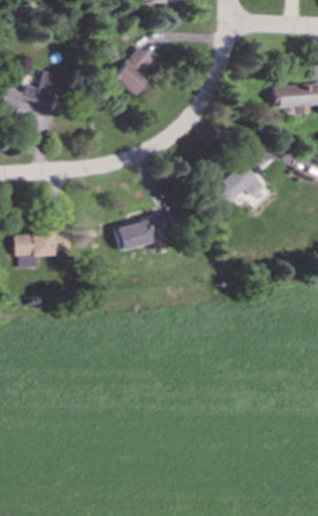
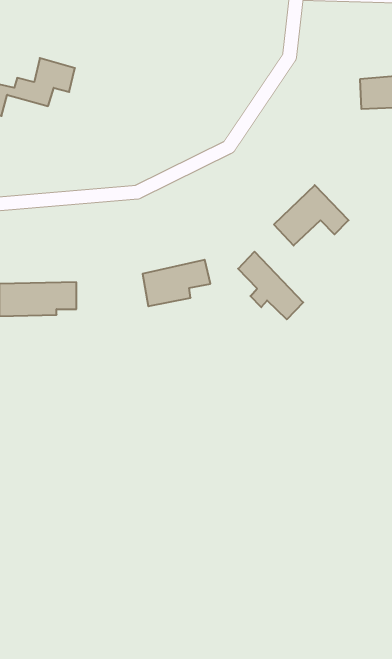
building: [113,48,154,96] -> none
building: none -> [238,252,303,319]

